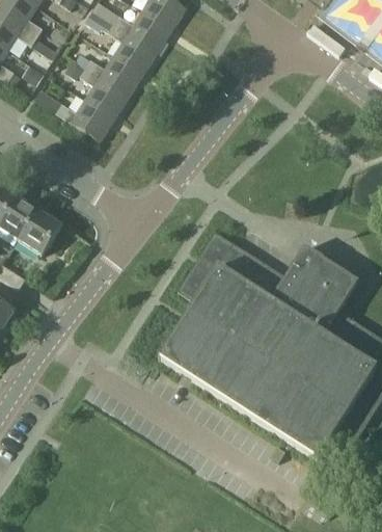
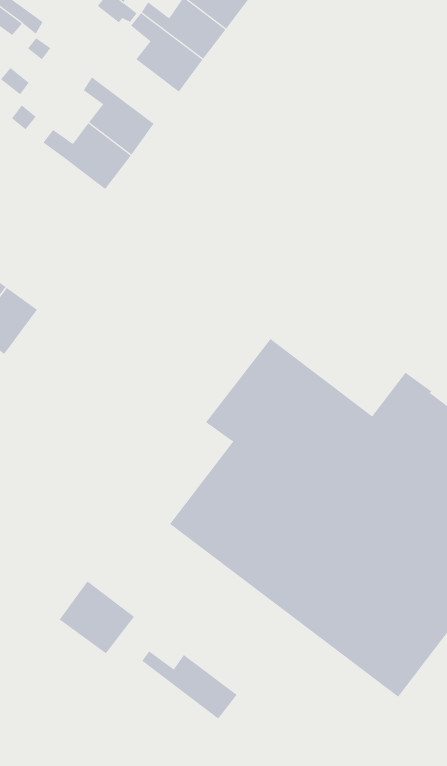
building: [84,54,142,96] -> none
building: none -> [59,581,135,654]
building: none -> [141,651,238,719]

